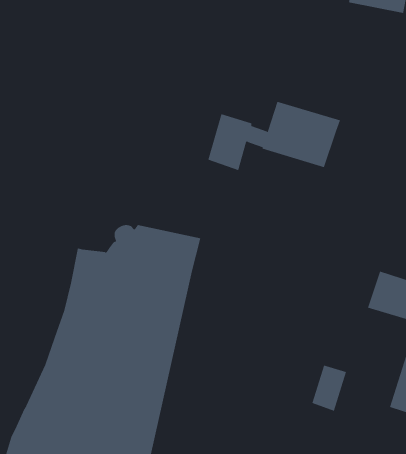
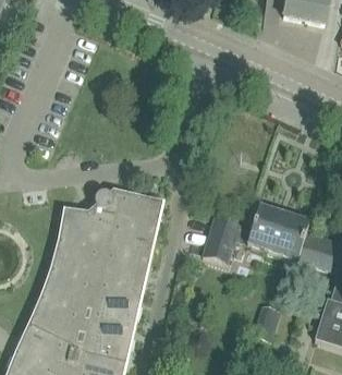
building: [207,101,341,171] -> [203,204,309,259]

